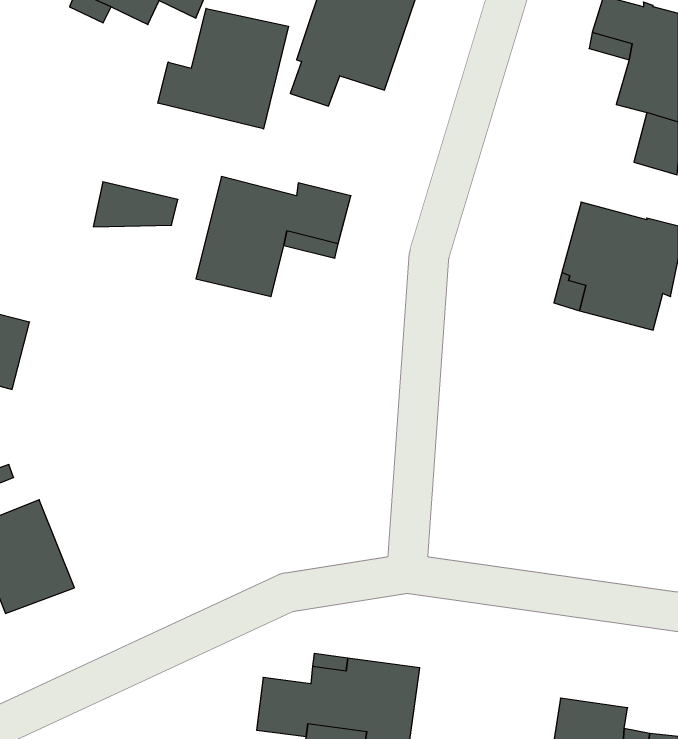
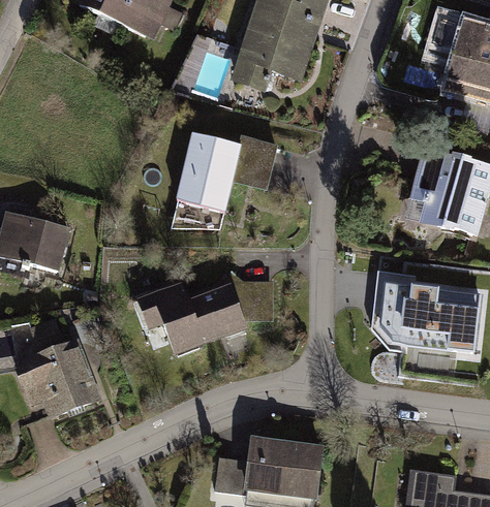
building: [158,8,288,129] -> none
building: [93,182,178,227] -> [171,198,225,227]
building: none -> [142,282,272,354]
building: none -> [382,283,480,350]

